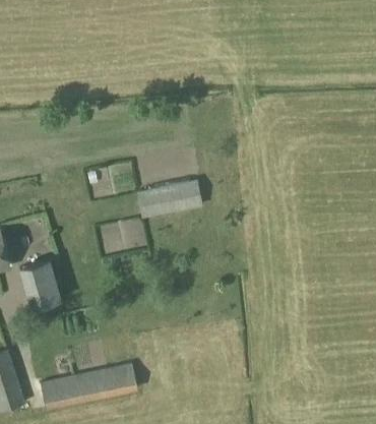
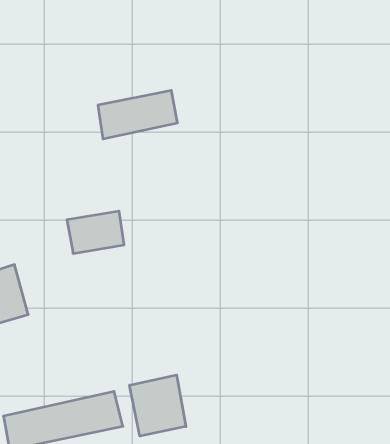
building: [137,179,202,219] -> [98,90,178,139]
building: none -> [130,375,186,436]

